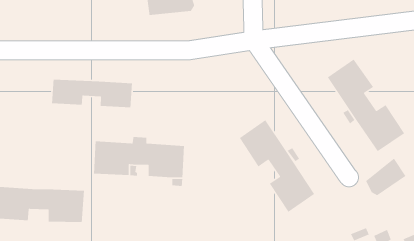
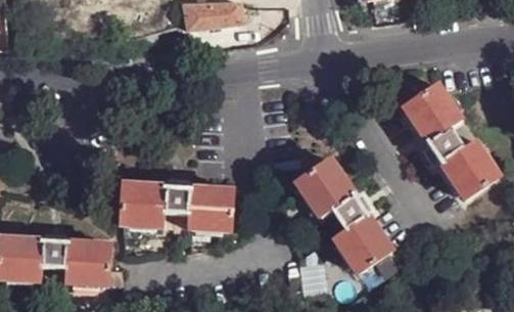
building: [51,79,133,108] -> none
building: [365,157,406,196] -> none

